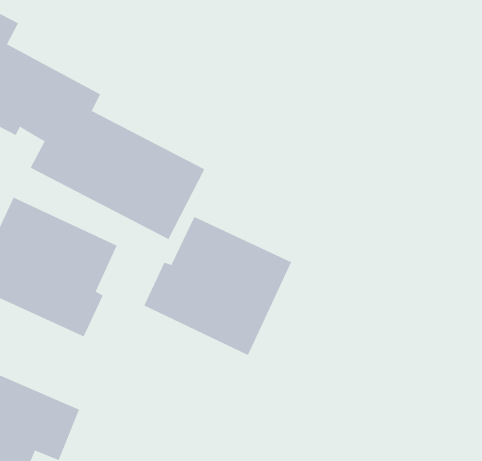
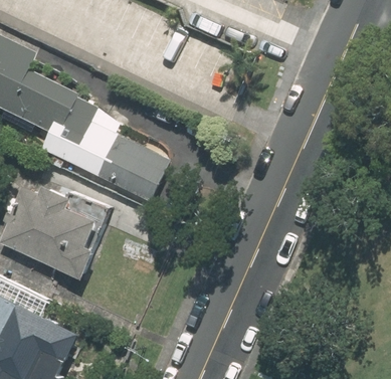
building: [144,216,292,356] -> none

